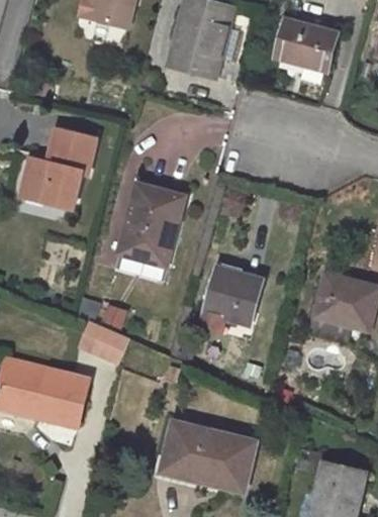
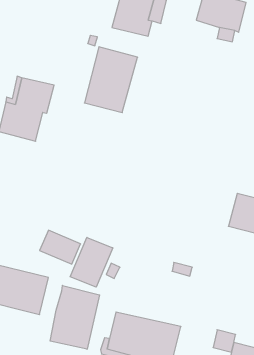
building: [118,183,185,266] -> [84,47,138,113]
building: [206,268,262,322] -> none
building: none -> [70,237,113,287]
building: none -> [50,285,100,349]

